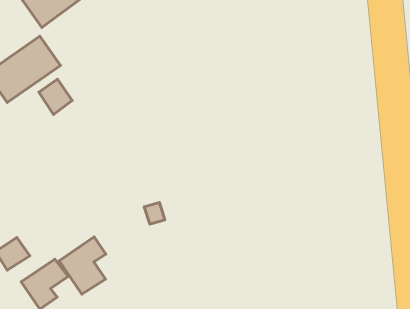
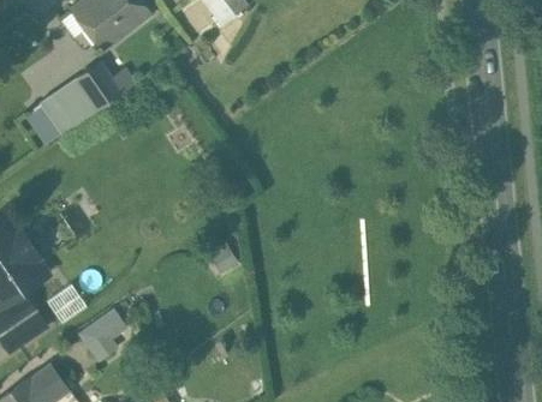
building: [39,79,72,114] -> none
building: [59,237,106,294] -> none

